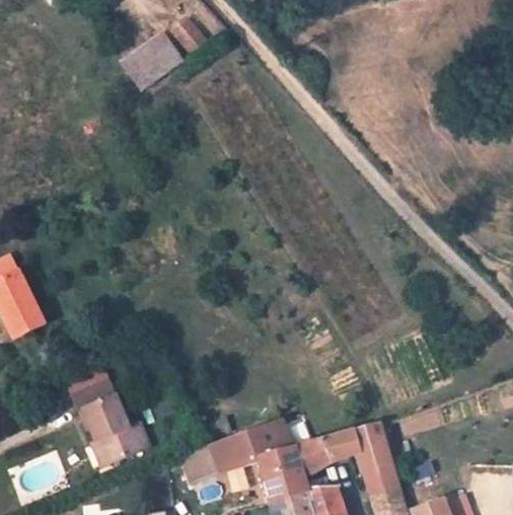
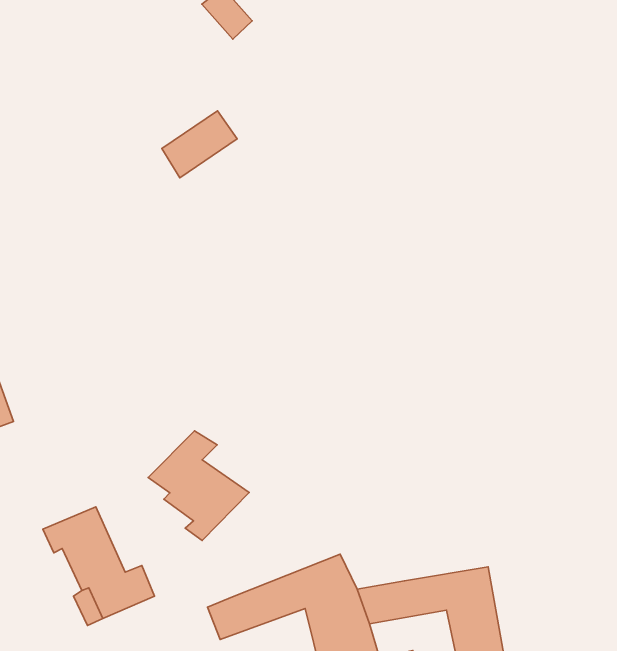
building: [135,32,190,81] -> [162,111,237,178]
building: none -> [148,431,249,540]

